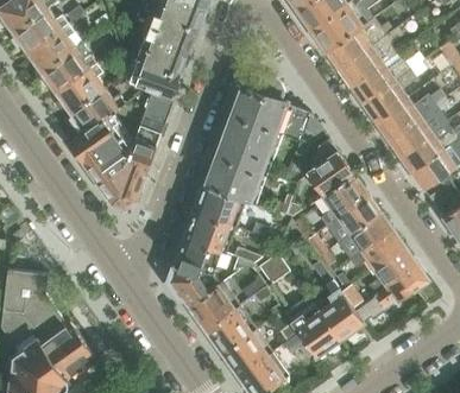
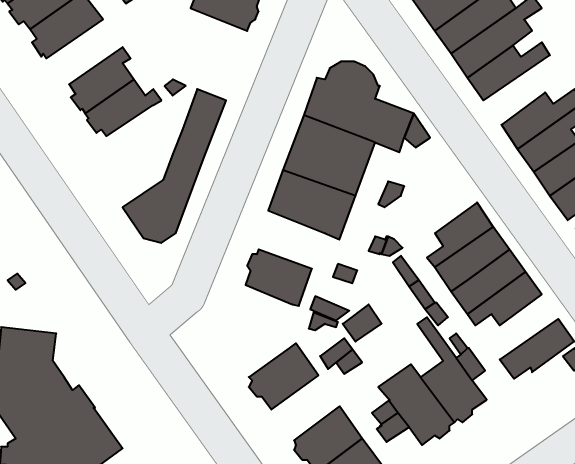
building: [131,36,188,97] -> none
building: [40,44,96,91] -> none
building: [361,70,417,121] -> none
building: [68,107,133,182] -> none
building: [308,139,354,196] -> none
building: [196,184,245,227] -> none
building: [166,239,221,306] -> none
building: [368,246,416,293] -> none
building: [206,305,256,353] -> none

